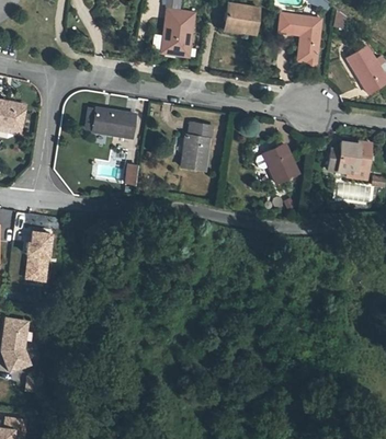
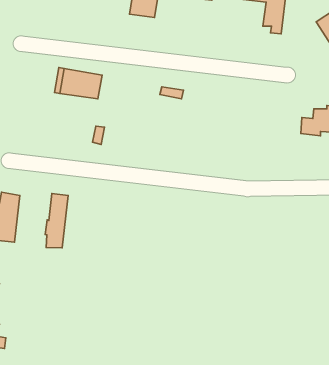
building: [181,135,208,170] -> none
building: [256,142,298,181] -> none
building: none -> [45,194,68,248]

